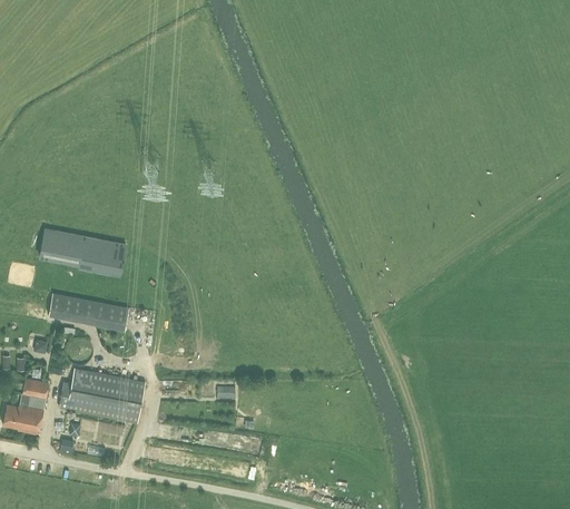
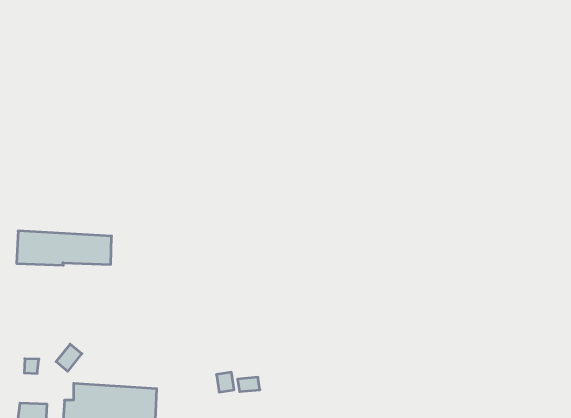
building: [48,293,129,330] -> none

